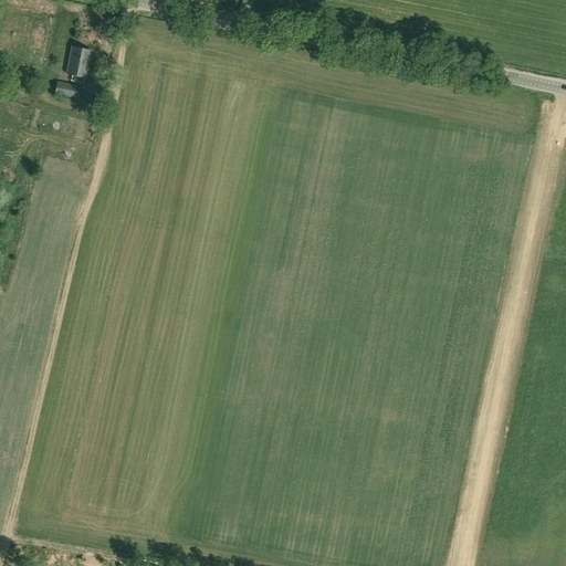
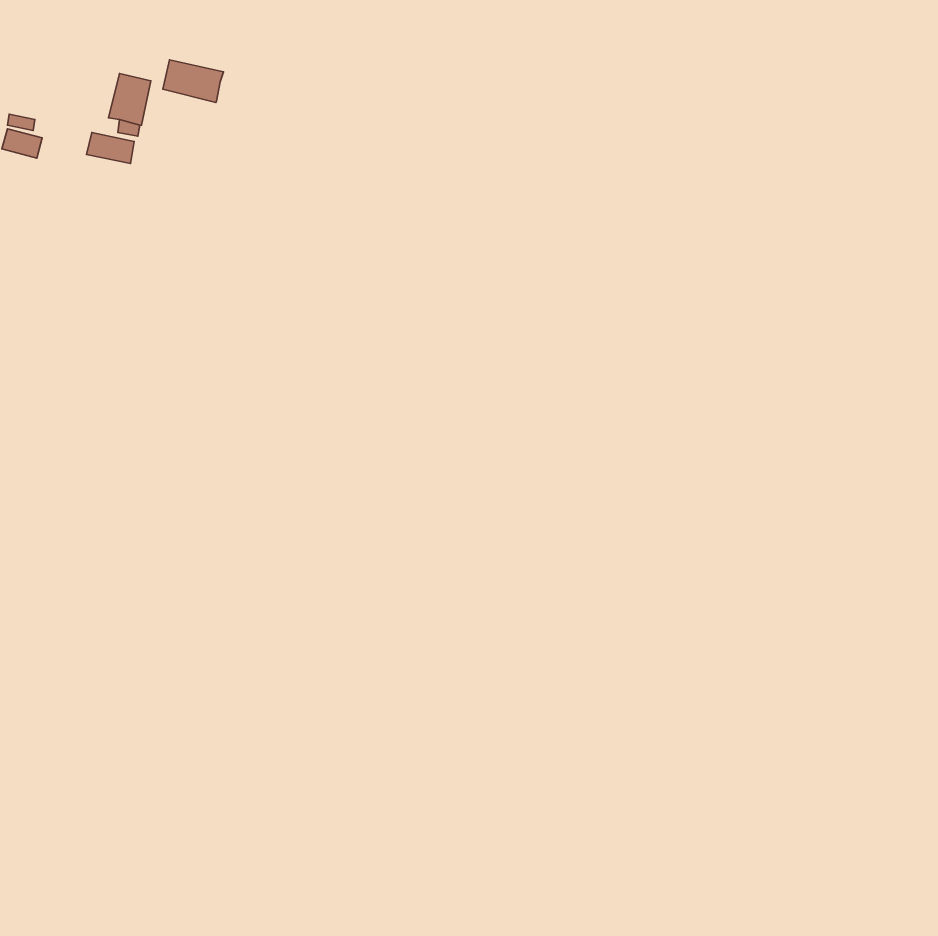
building: none -> [163,60,223,103]

